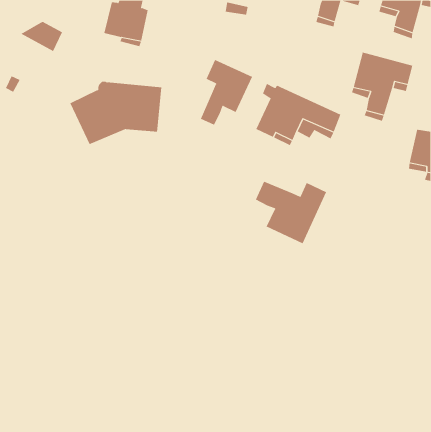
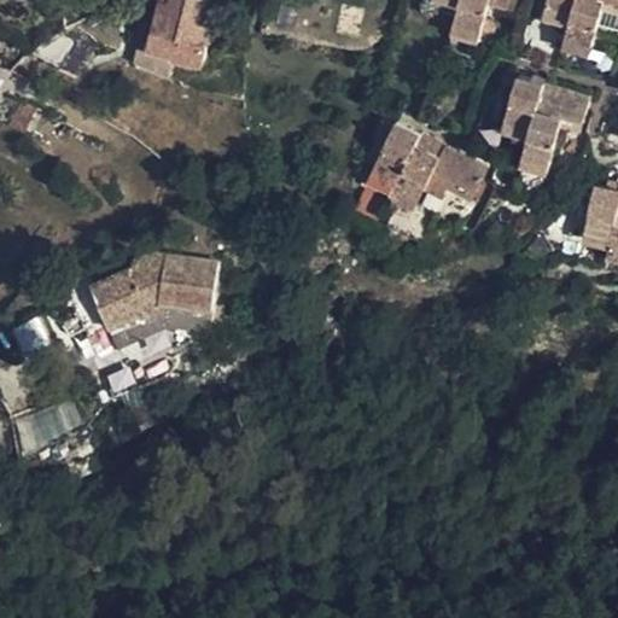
building: [200,59,253,125] -> none
building: [70,81,162,145] -> [92,253,223,344]
building: [255,181,327,244] -> none

